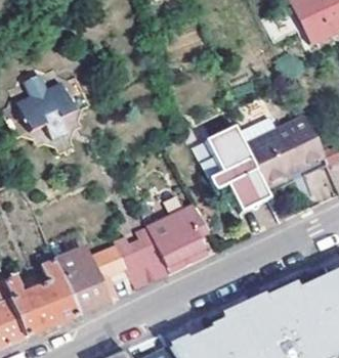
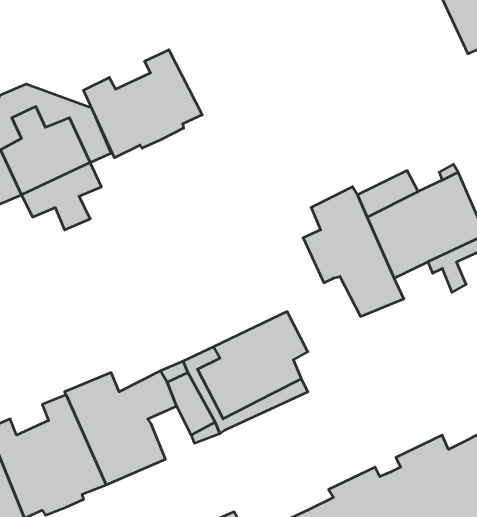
building: none -> [84,50,202,158]

